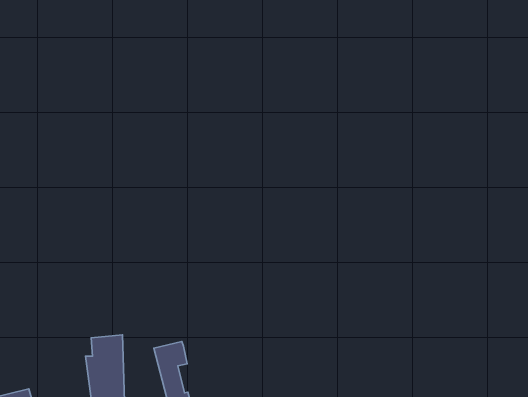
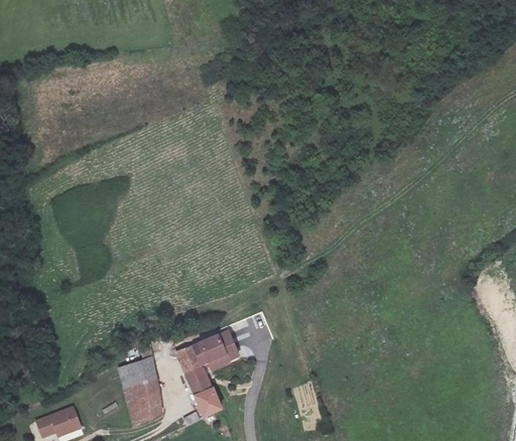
building: none -> [203,334,241,364]

